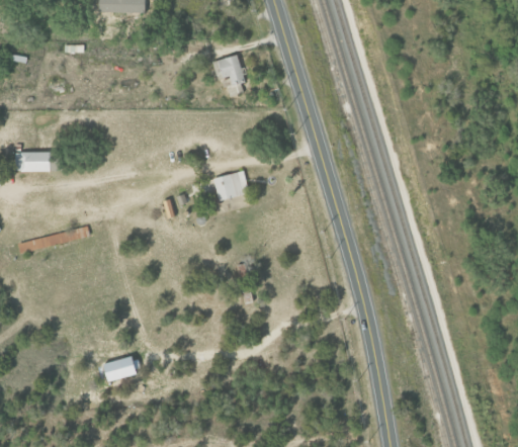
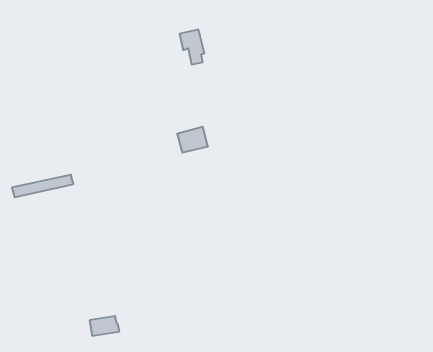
building: [15,151,48,171] -> none
building: [101,357,137,380] -> [90,316,119,336]

